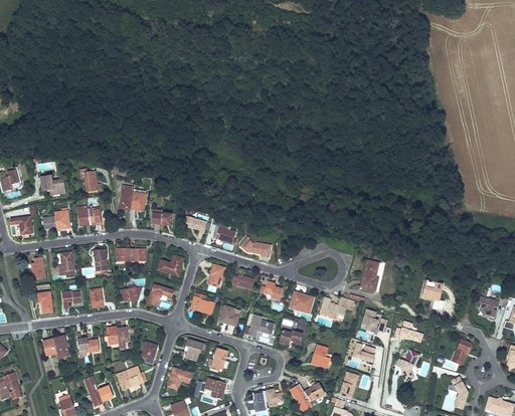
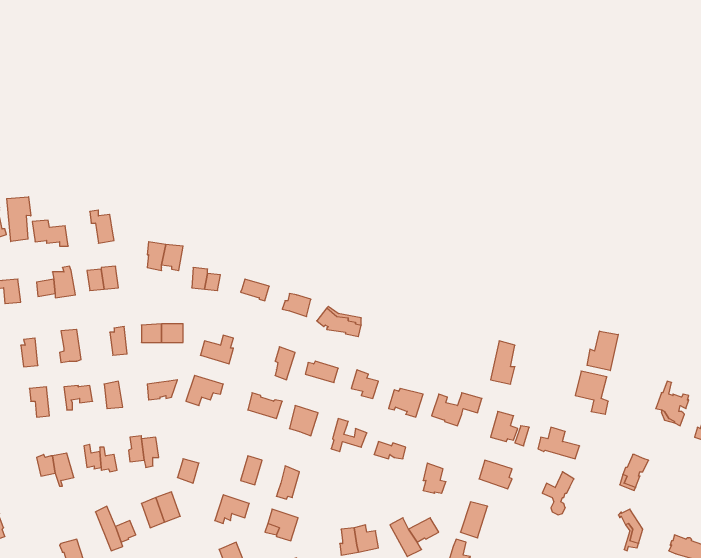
building: none -> [7,197,31,242]
building: none -> [587,331,618,371]

